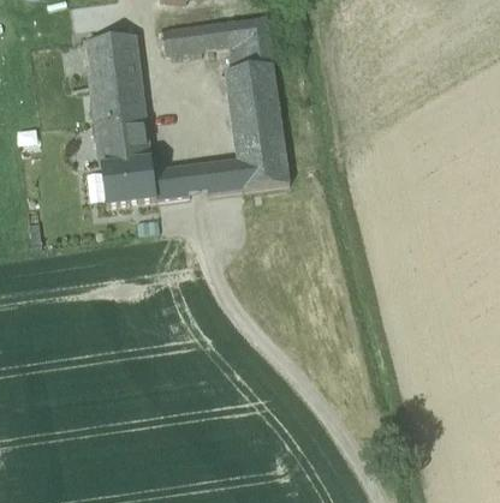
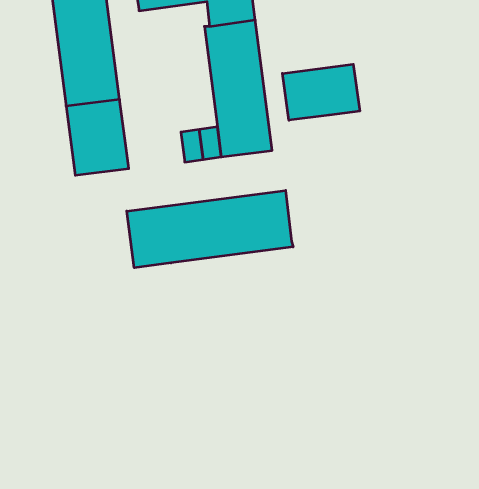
building: none -> [282,64,360,120]
building: [153,169,189,200] -> none
building: none -> [127,190,293,268]

